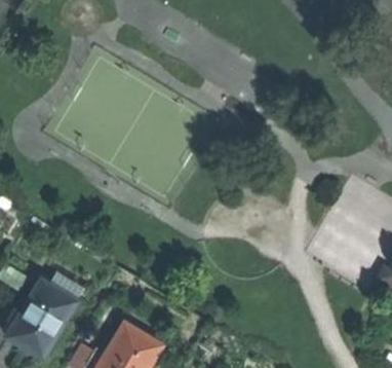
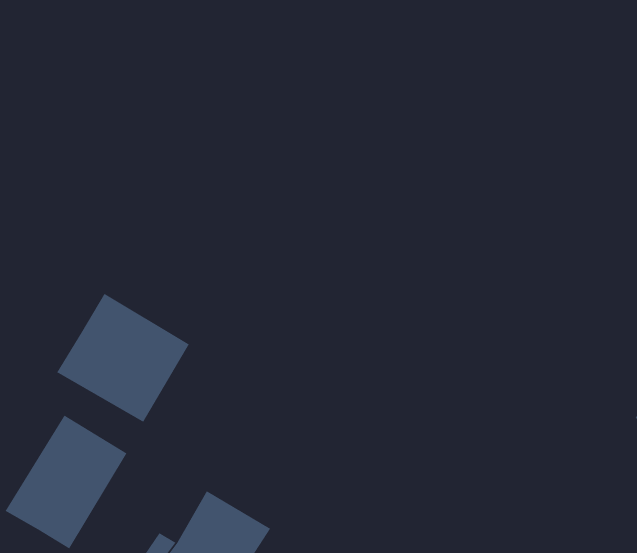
building: none -> [56,293,190,423]

